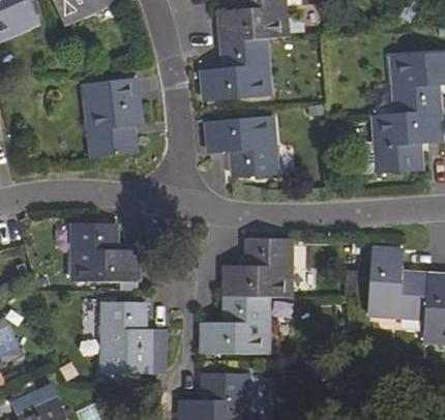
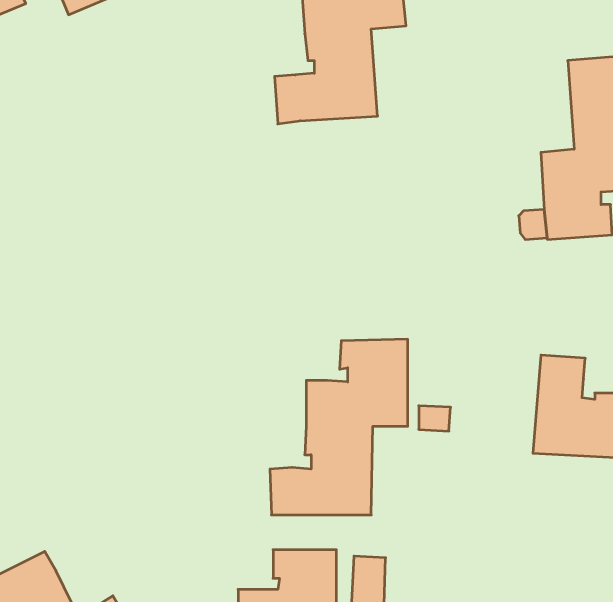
building: [85,79,139,157] -> none
building: [204,116,273,177] -> none
building: [68,222,134,280] -> none
building: [100,302,162,373] -> none

